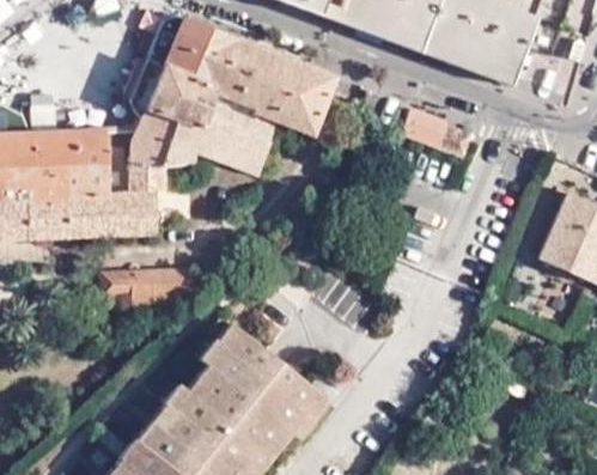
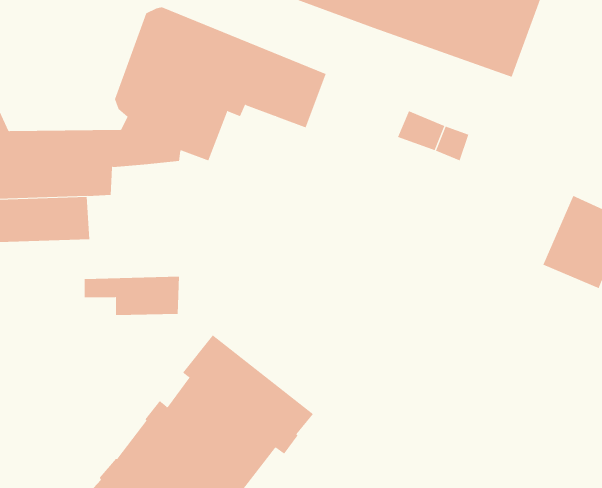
building: [224,108,287,177] -> none
building: [109,164,165,235] -> none

